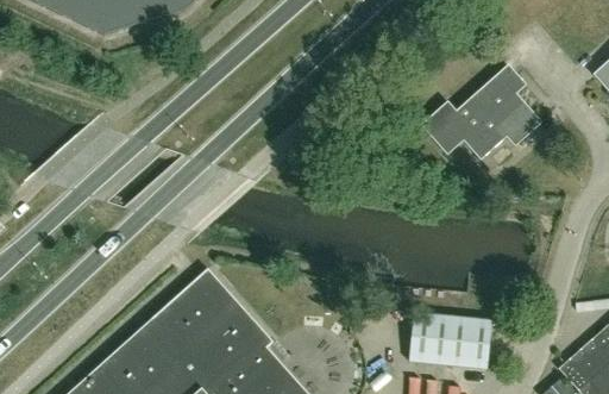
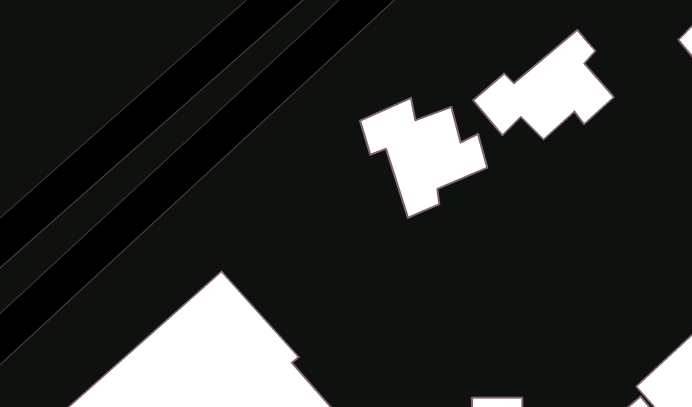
building: none -> [360,98,487,218]
building: [410,312,488,368] -> none

